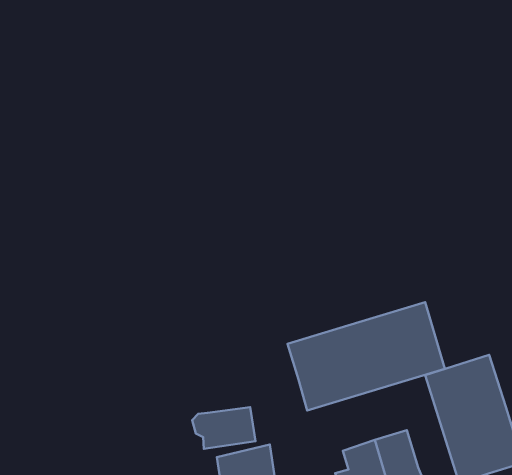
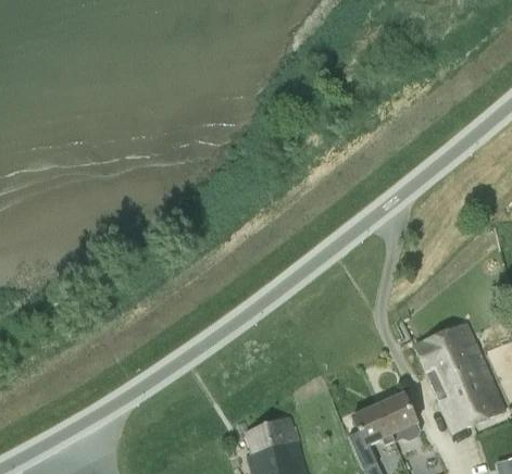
building: [287,302,445,410] -> none
building: [192,407,255,449] -> none

